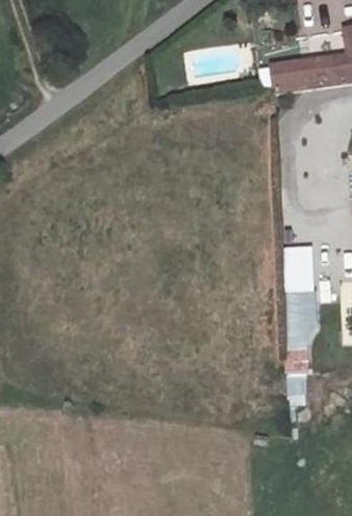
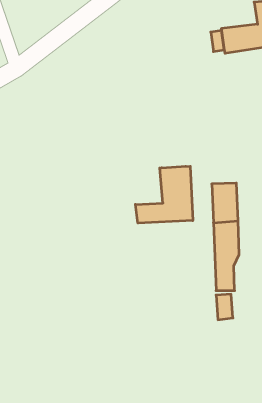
building: none -> [135,166,193,223]

